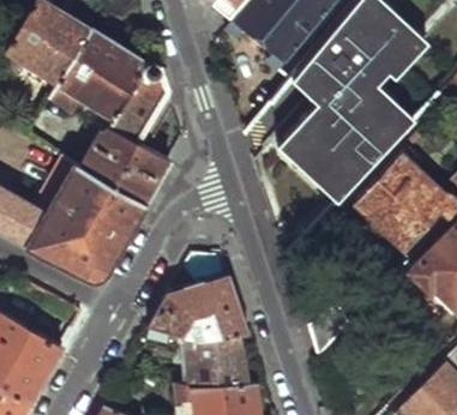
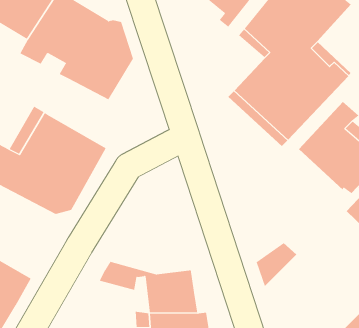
building: [80,127,169,204] -> none
building: [149,277,249,343] -> none

